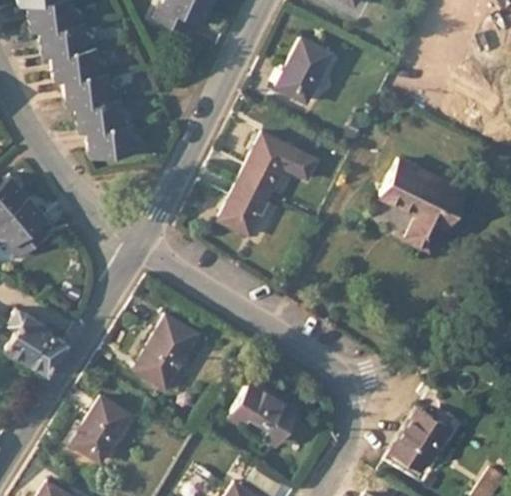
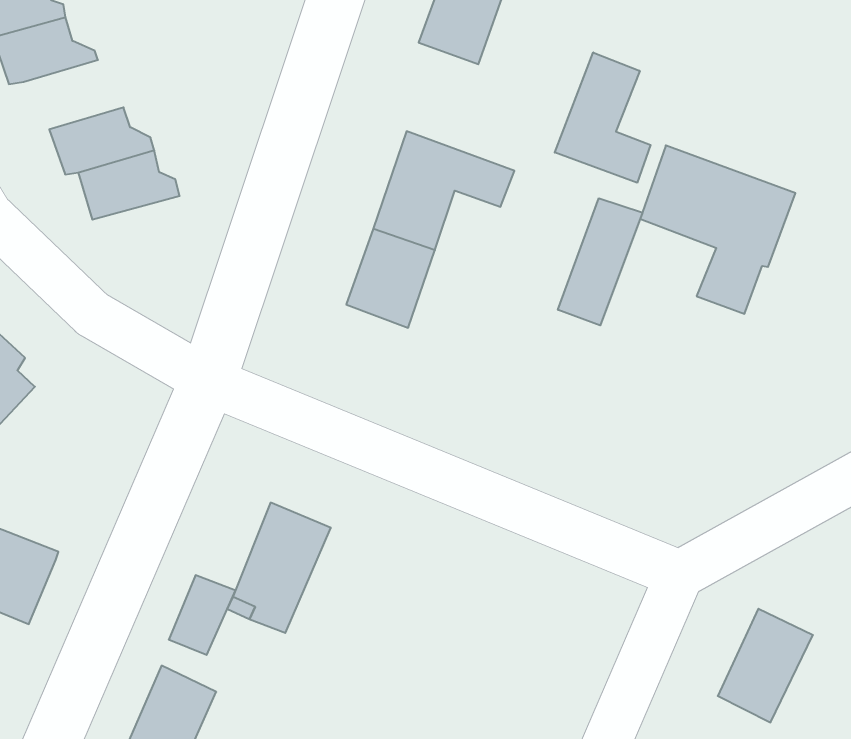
building: [66,71,117,105] -> none
building: none -> [555,52,651,183]
building: none -> [558,198,643,325]
building: [28,332,67,375] -> [169,575,235,655]
building: [230,383,295,442] -> none

